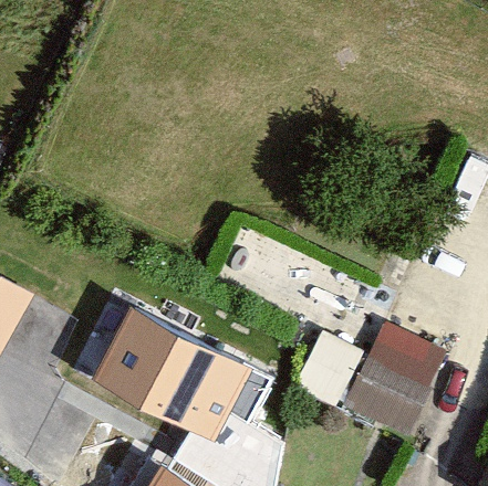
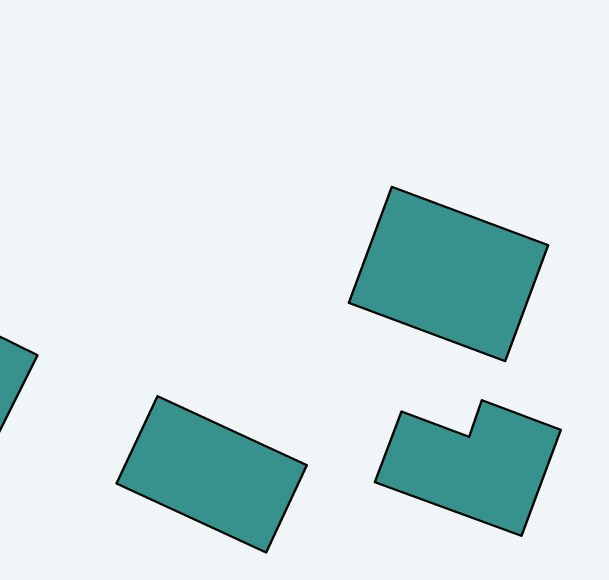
building: none -> [349,187,548,361]

